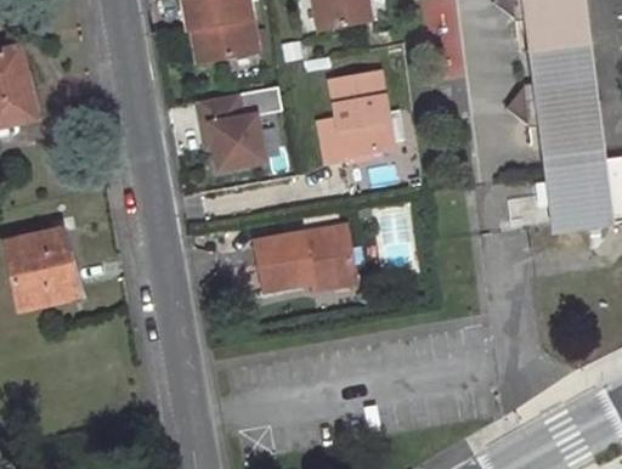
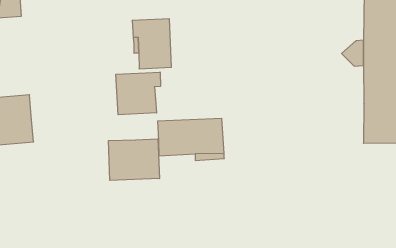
building: [318,73,390,164] -> none
building: none -> [116,72,160,115]
building: none -> [108,139,159,180]

